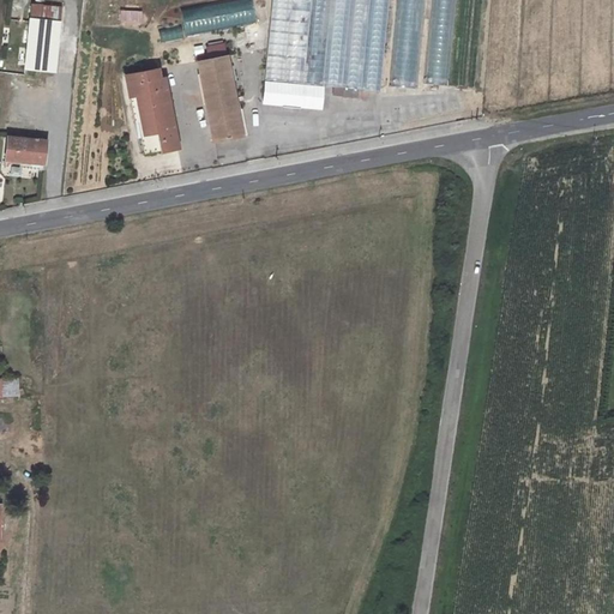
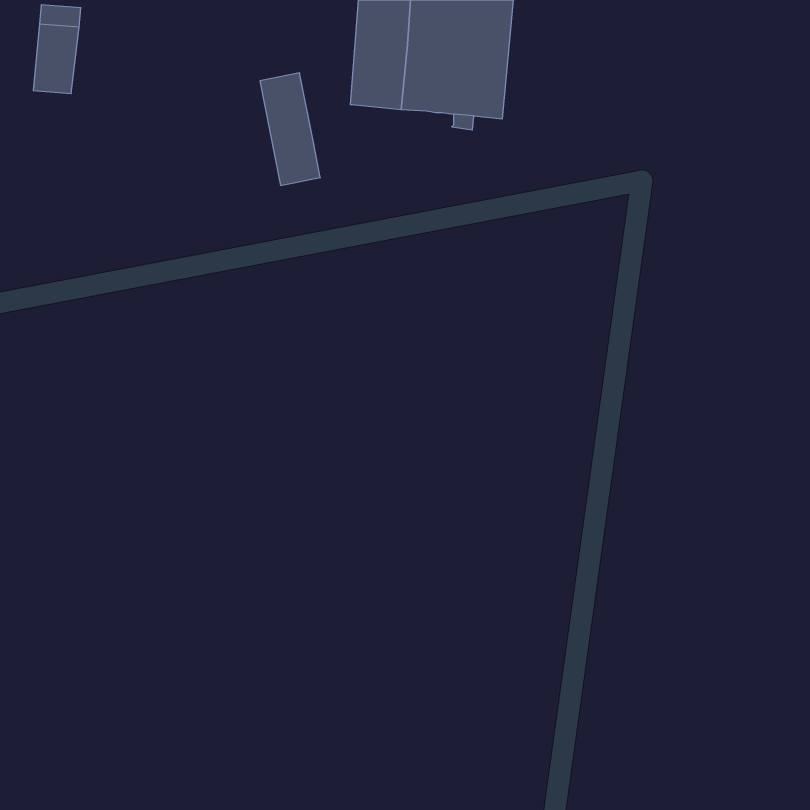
building: [126,68,177,154] -> none
building: [264,79,323,107] -> none
building: [5,137,46,165] -> none

